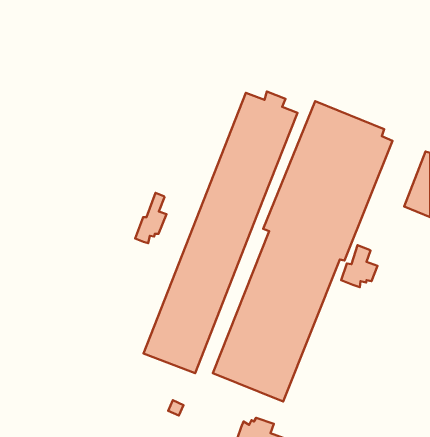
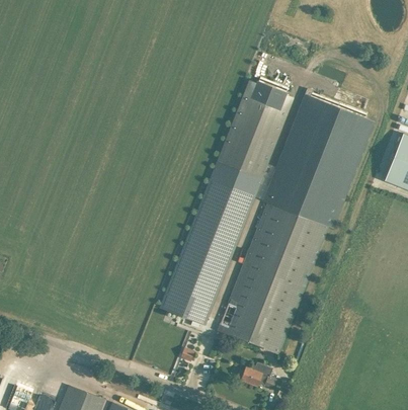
building: [135,193,166,243] -> none
building: [341,245,377,287] -> none

